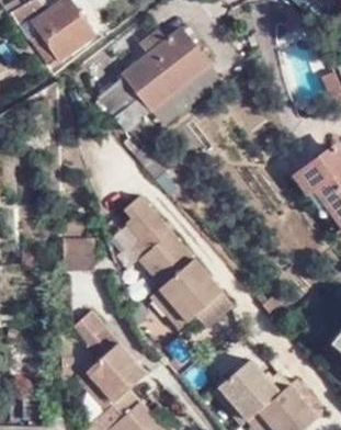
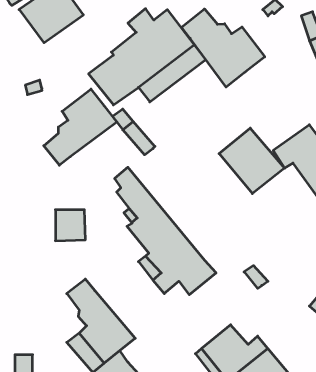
building: none -> [182,9,265,87]
building: none -> [44,89,117,165]
building: none -> [219,128,285,194]

